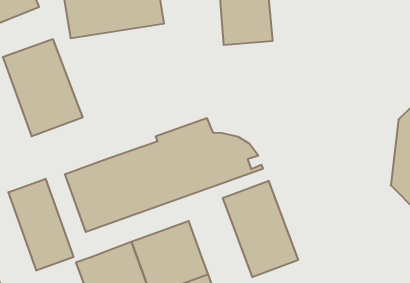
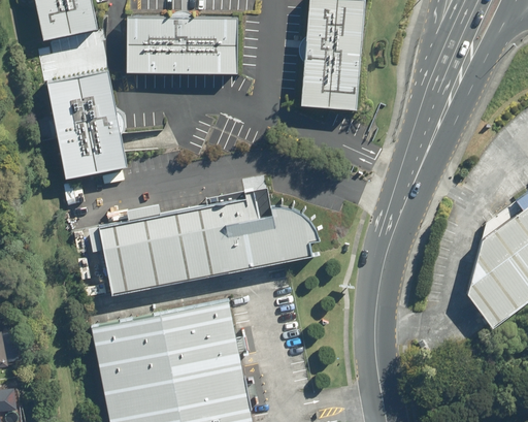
building: [8,179,73,271] -> none
building: [223,181,298,277] -> none

